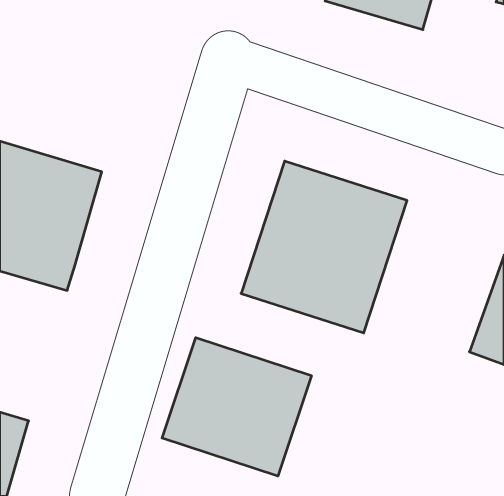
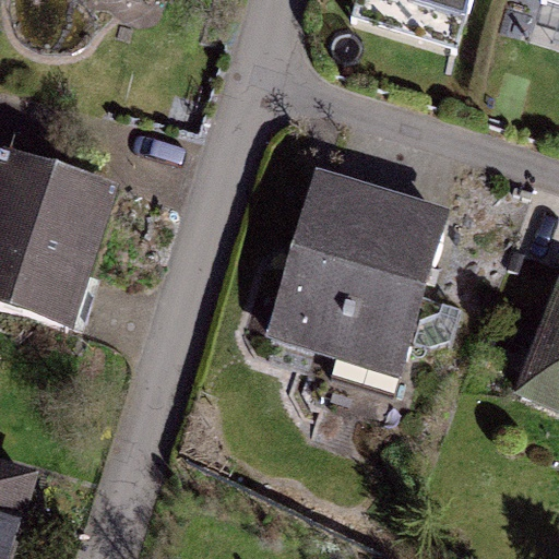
building: [162,338,311,476] -> none

